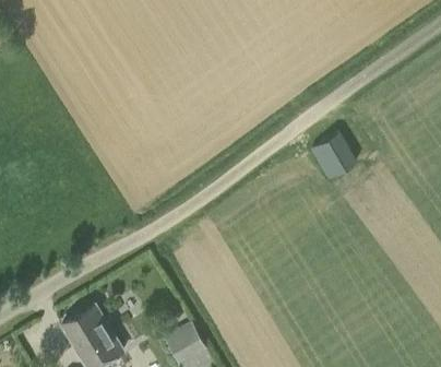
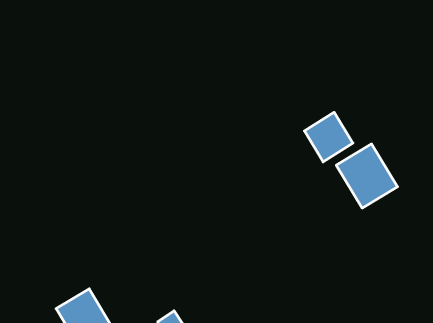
building: none -> [336,144,398,208]

